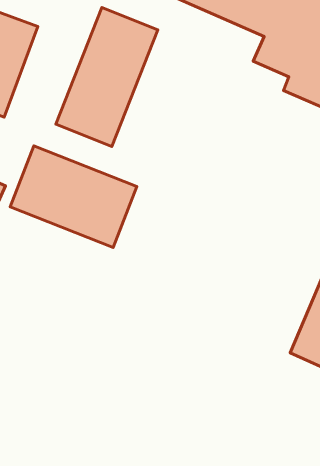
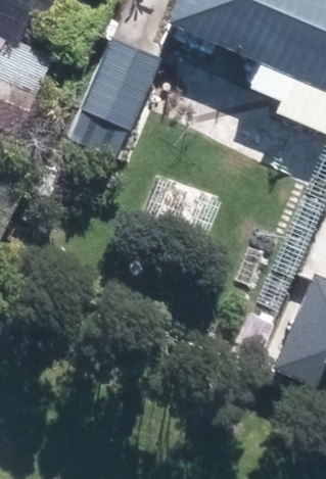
building: [10,146,137,248] -> none

